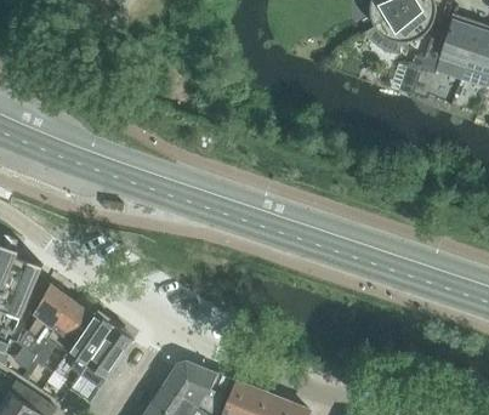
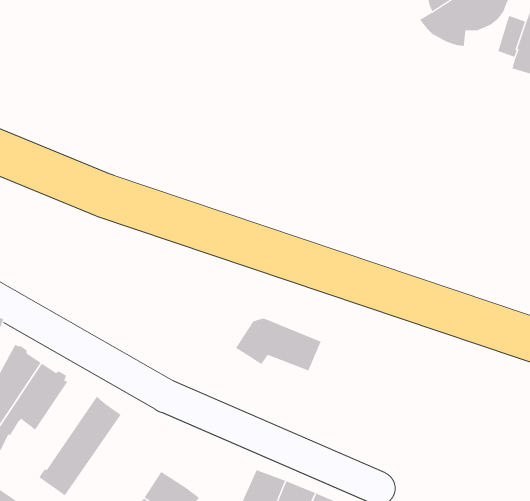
building: [53,312,113,390] -> none
building: [163,360,229,402] -> [235,318,321,371]

